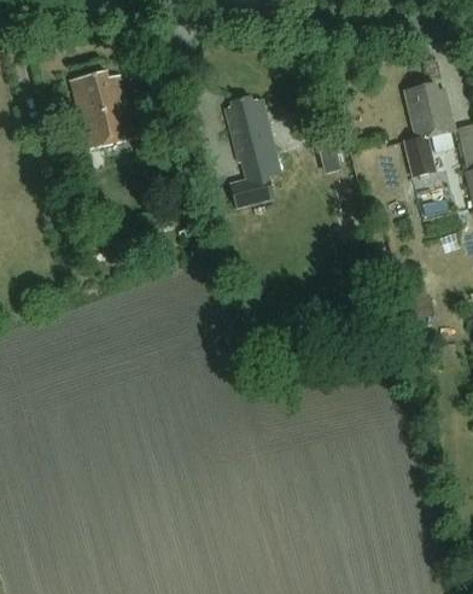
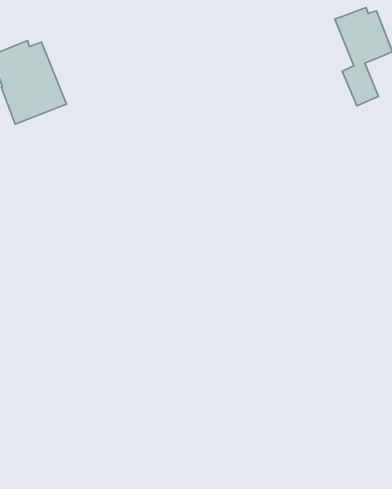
building: [223,95,275,208] -> none

